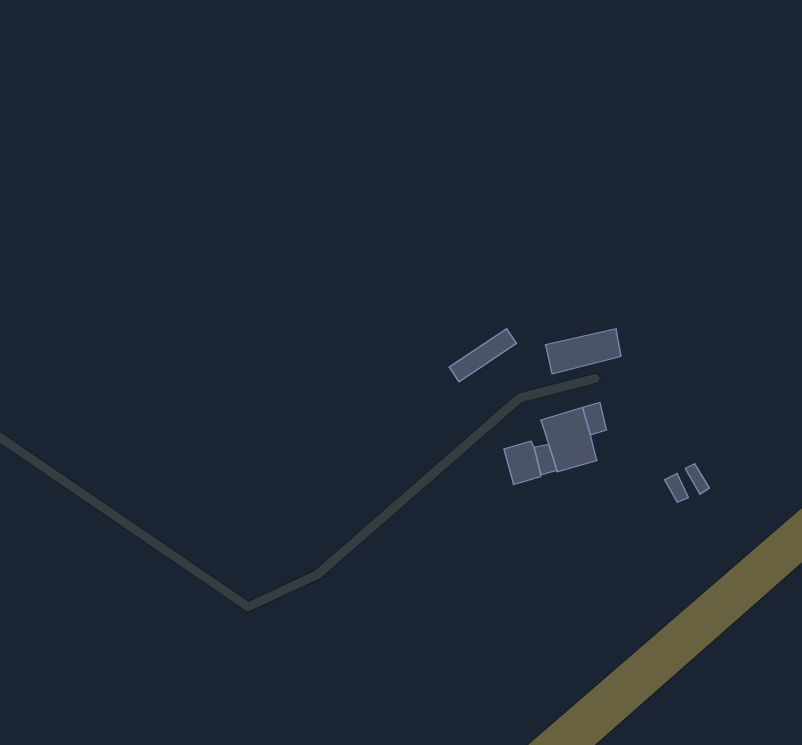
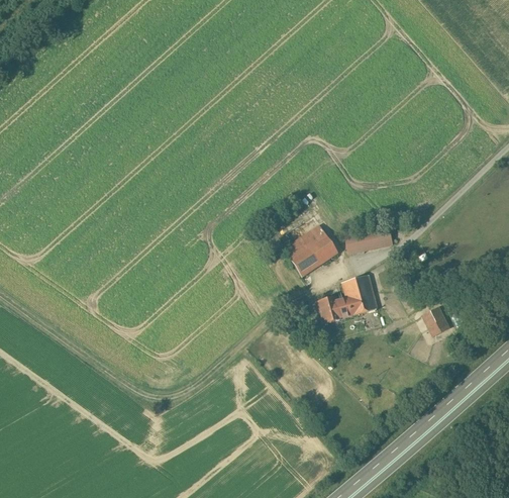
building: none -> [290,234,338,276]

